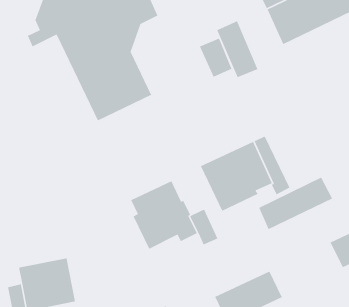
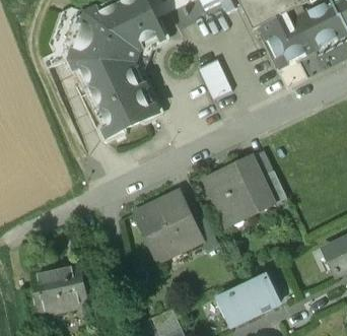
building: [216,20,258,78] -> none
building: [258,177,333,230] -> none

